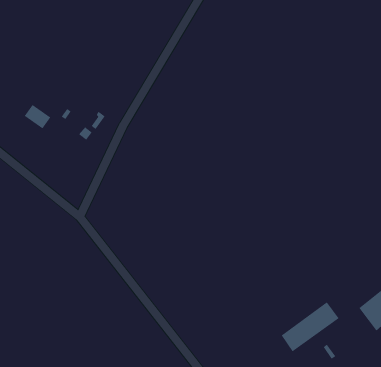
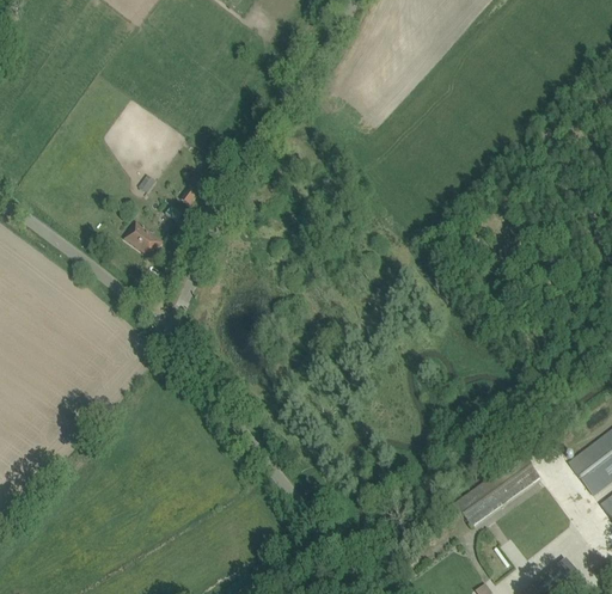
building: [24,104,51,129] -> [126,222,165,258]

